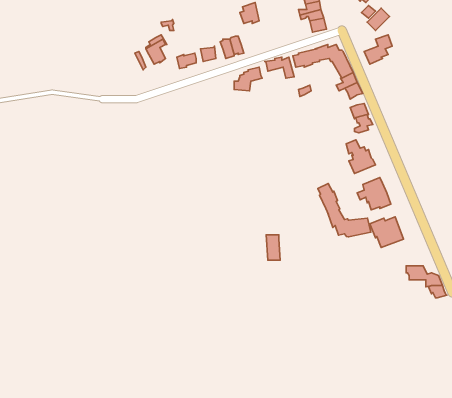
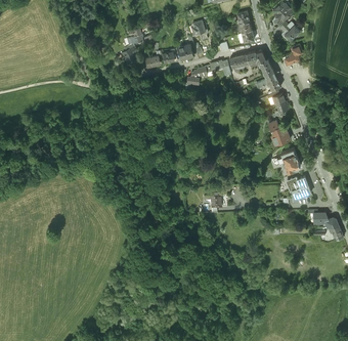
building: [318,184,371,237] -> none

